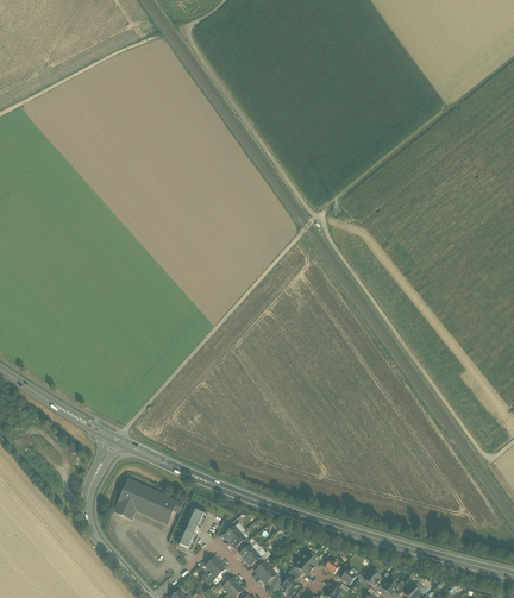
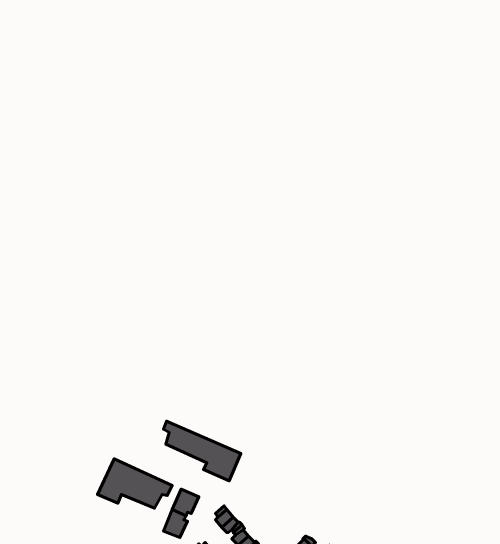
building: none -> [164,421,241,481]

